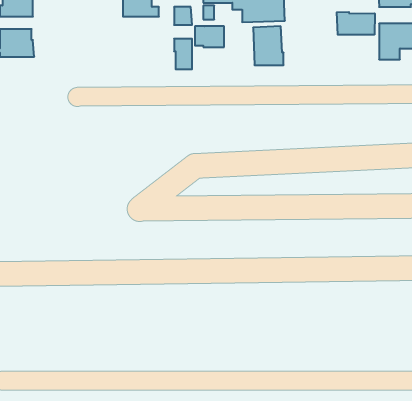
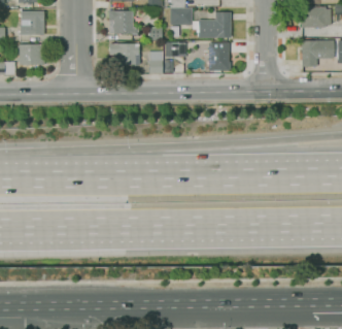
building: [337,12,375,35] -> none
building: none -> [109,43,141,65]

